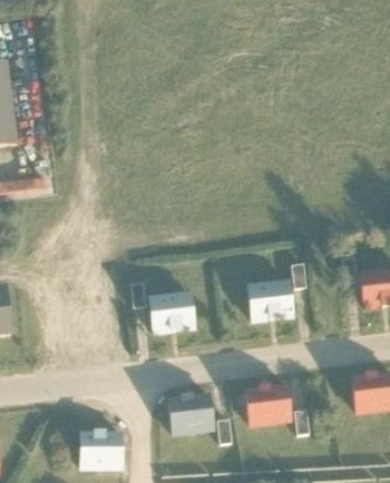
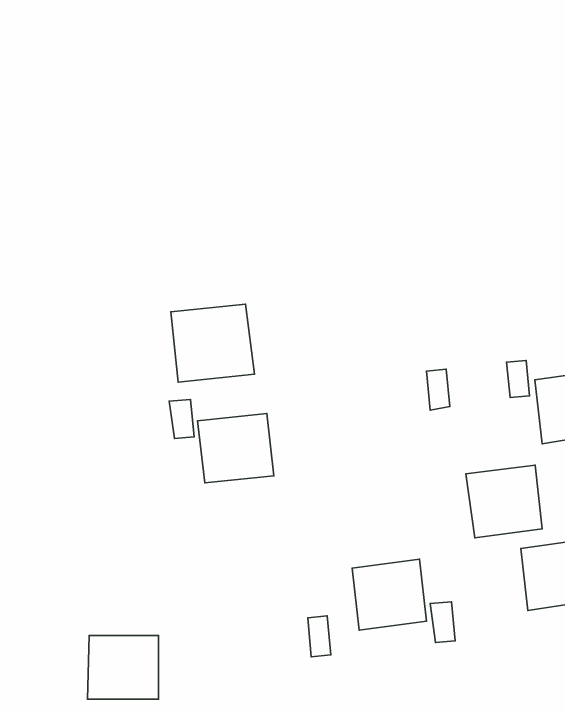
building: none -> [171,304,255,382]
building: [245,277,293,323] -> [466,465,542,538]
building: [166,391,214,436] -> none

